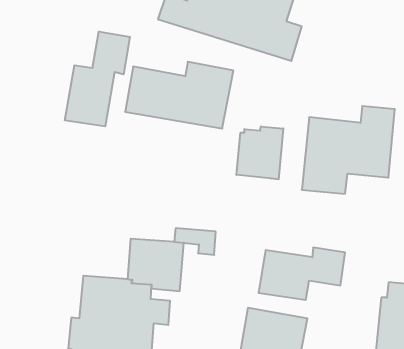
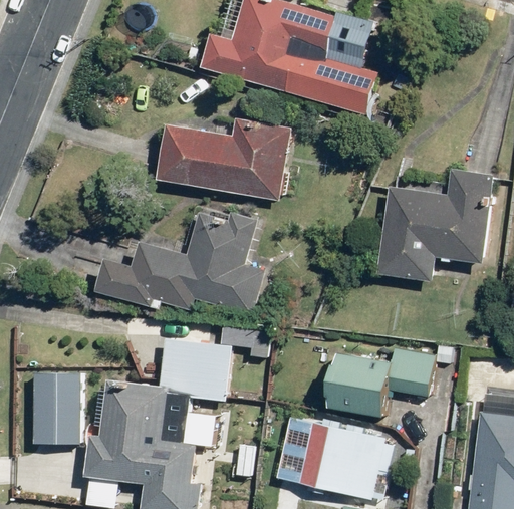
building: [65,31,130,126] -> none
building: [236,126,283,179] -> none
building: none -> [95,212,264,315]
building: none -> [30,372,79,445]

